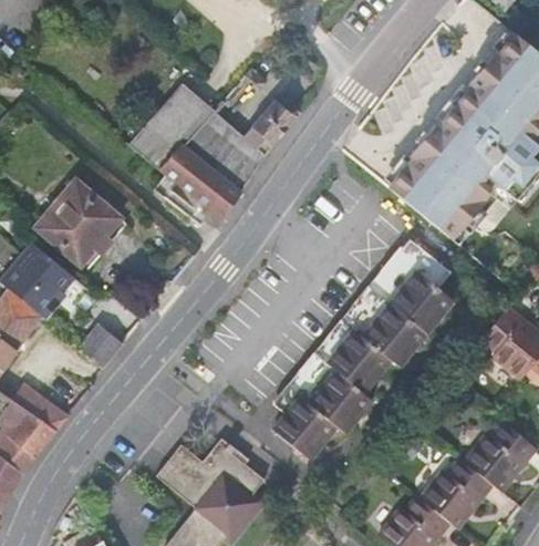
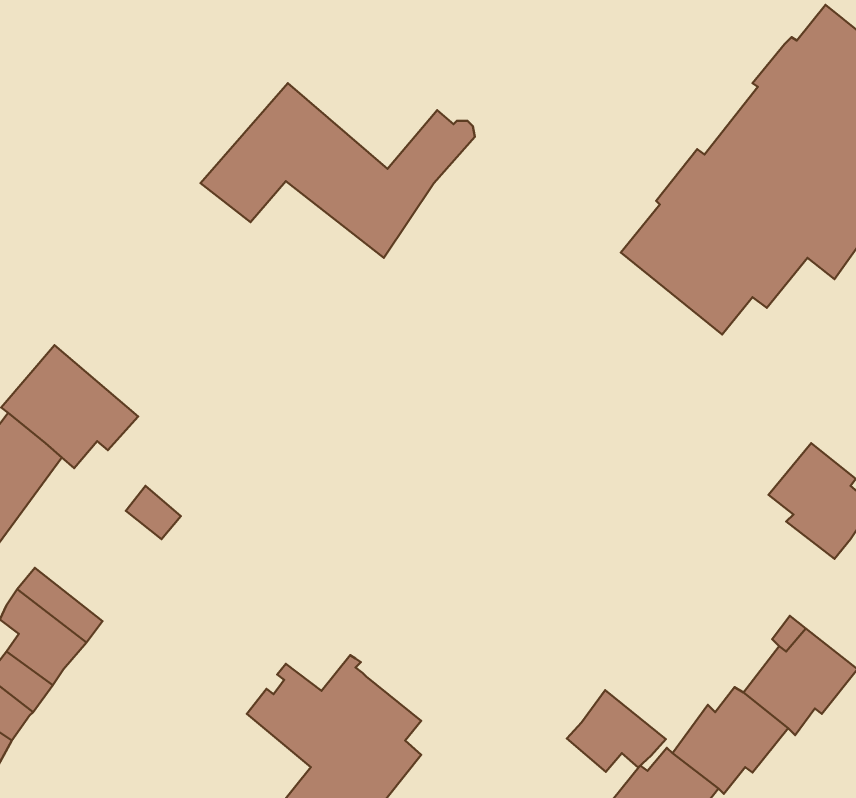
building: [159,143,242,219] -> none
building: [37,179,127,269] -> none
building: [273,238,454,459] -> none
building: none -> [567,690,666,772]

